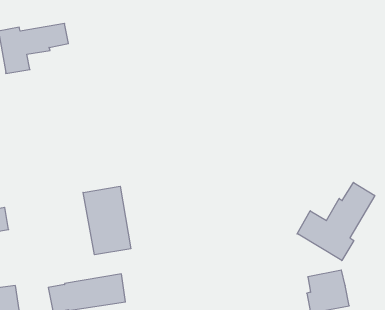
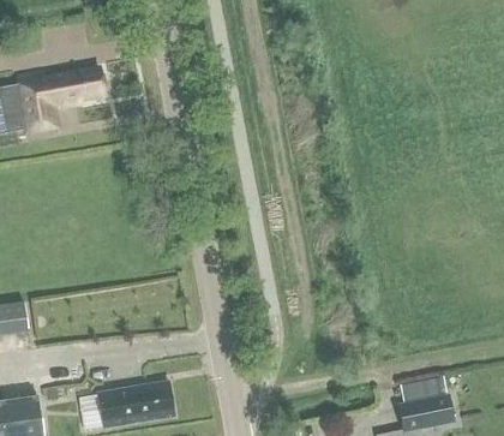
building: [297,182,375,261] -> none
building: [83,186,131,255] -> none

